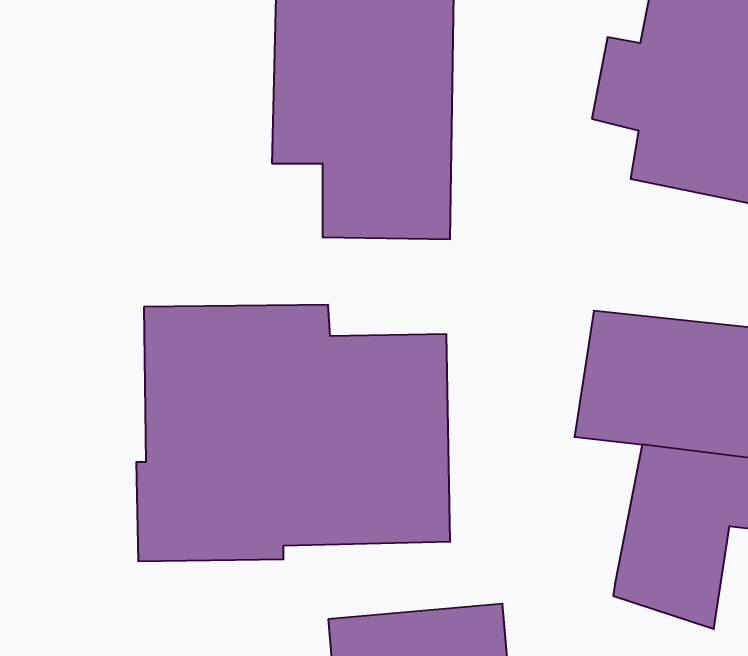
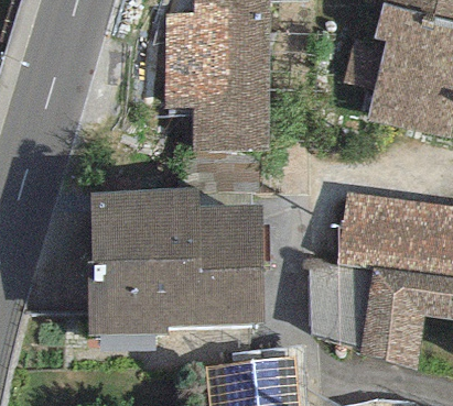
building: none -> [311,259,376,347]

